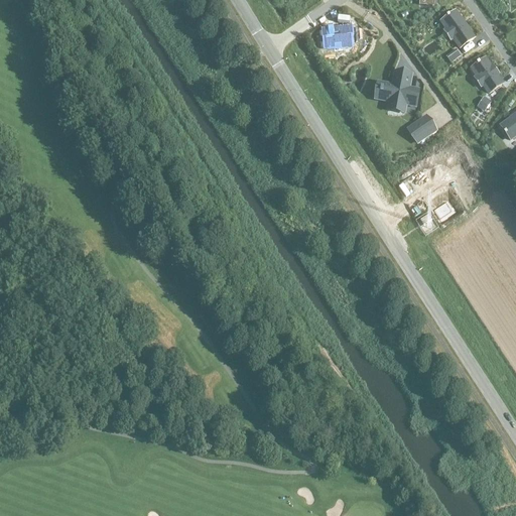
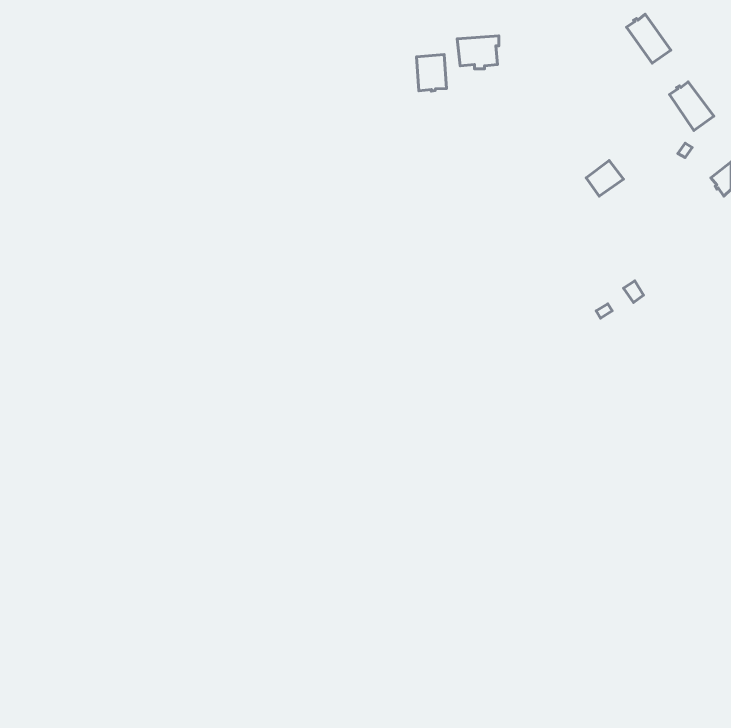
building: none -> [417,55,447,91]
building: [379,75,417,107] -> none

